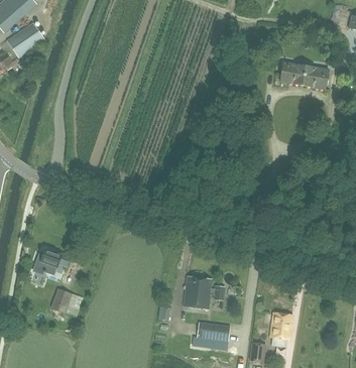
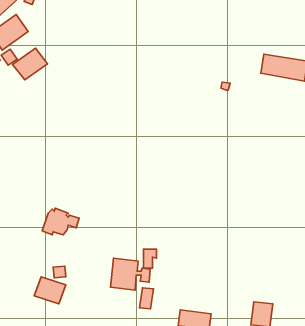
building: none -> [13,48,48,80]
building: [32,245,70,272] -> [42,208,79,235]
building: [184,276,224,309] -> [110,258,150,290]

